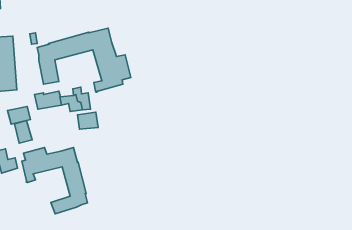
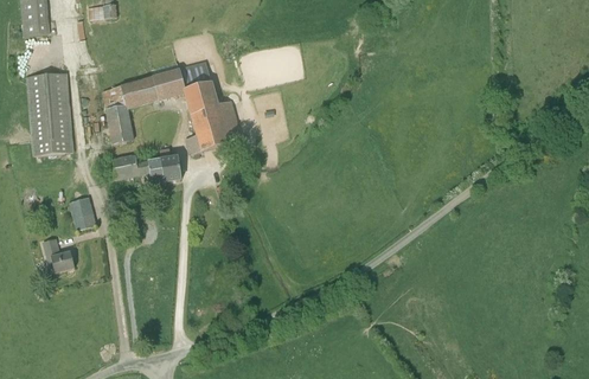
building: [8,106,30,124] -> none
building: [78,112,98,129] -> none
building: [22,147,88,214] -> none

